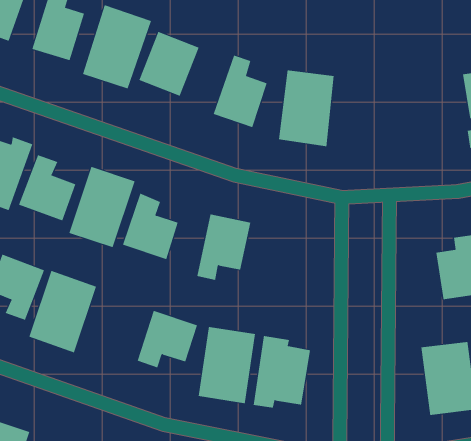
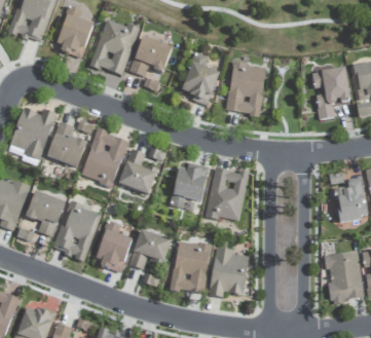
building: none -> [312,67,350,119]
building: none -> [206,167,248,222]
building: none -> [95,220,132,271]

